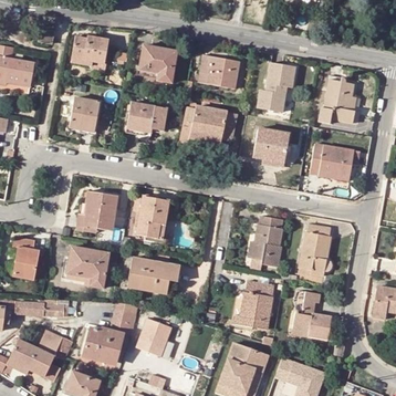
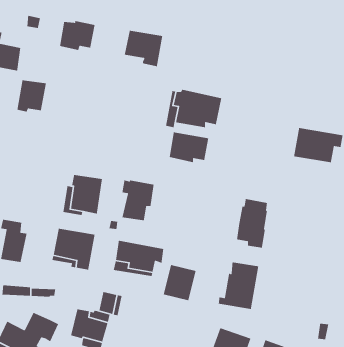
building: [198,53,240,87] -> none
building: [257,61,295,112] -> none
building: [317,73,354,123] -> none
building: [69,96,100,129] -> [16,80,47,112]
building: [126,101,167,133] -> [169,131,209,163]
building: [251,126,290,161] -> none
building: [298,222,332,271] -> none
building: [292,290,331,341] -> none
building: [136,316,170,354] -> [163,264,197,301]

